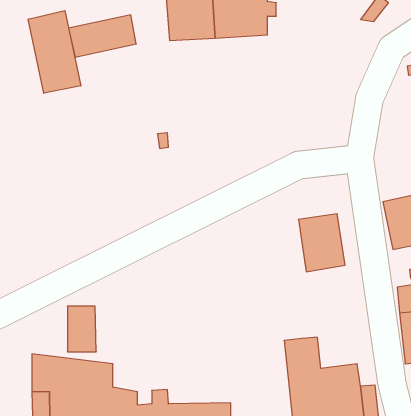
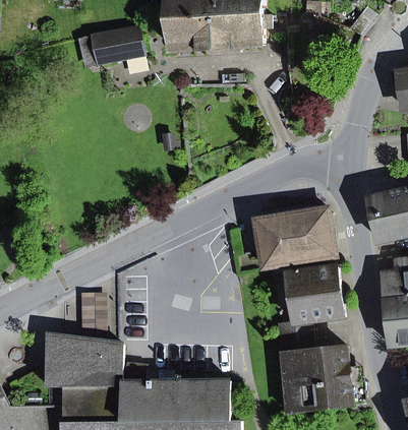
building: [28,11,81,93] -> none
building: none -> [254,214,297,267]
building: none -> [286,264,342,323]

